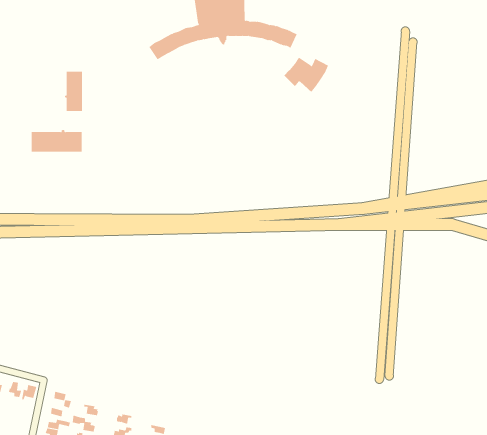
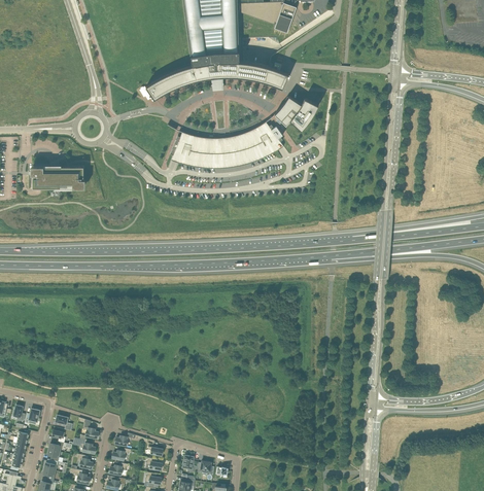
building: [64,71,83,112] -> none
building: none -> [169,122,283,169]

